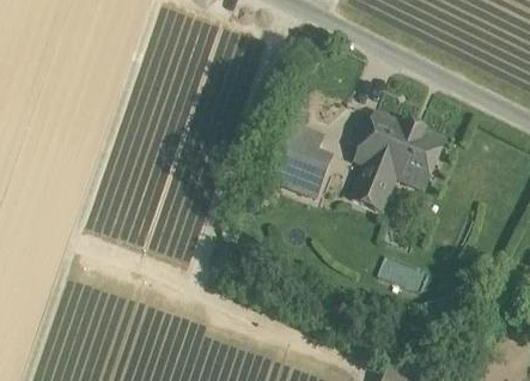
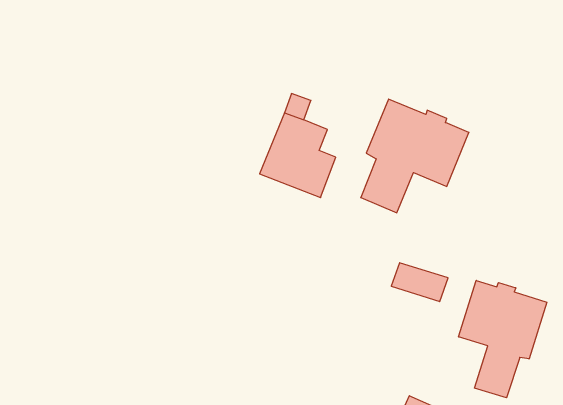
building: none -> [459,280,547,398]

